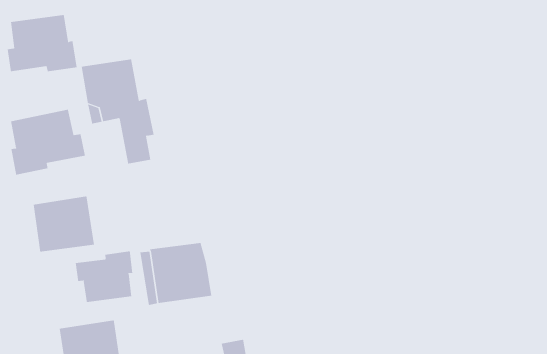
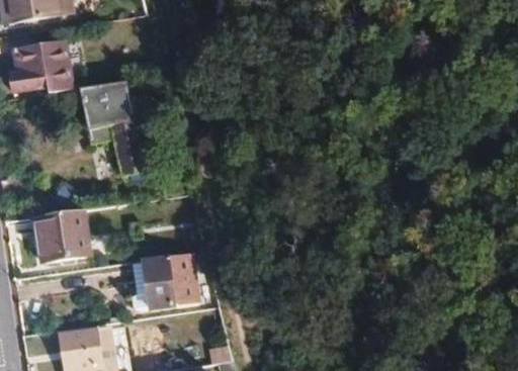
building: [11,109,86,176] -> none
building: [75,251,133,303] -> none

